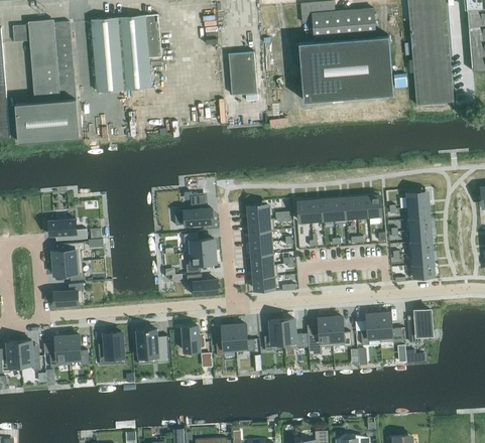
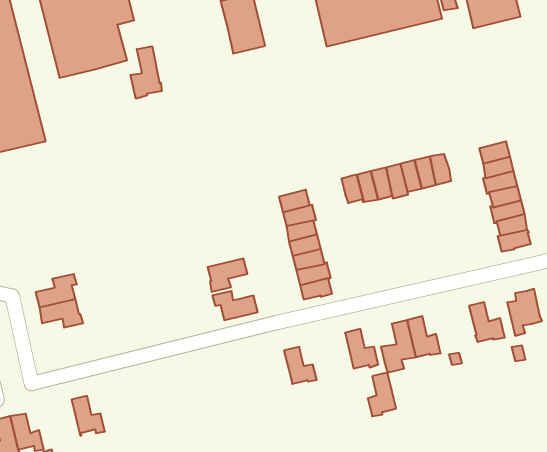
building: none -> [131,46,162,99]
building: [174,194,213,226] -> none
building: [48,218,88,240] -> none
building: [184,233,215,253] -> none
building: [54,283,85,305] -> none
building: [361,314,381,345] -> none
building: [264,319,284,350] -> [368,372,396,416]
building: [217,325,236,356] -> none
building: [183,326,206,351] -> none
building: [137,329,170,362] -> none
building: [98,332,123,364] -> none
building: [50,336,70,367] -> none

